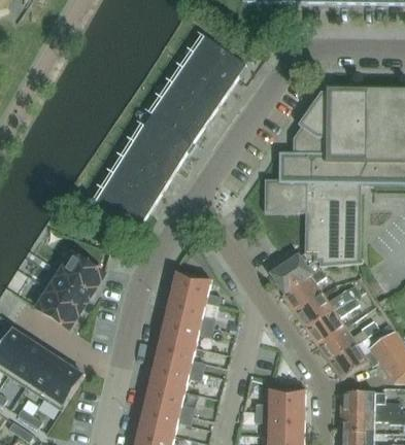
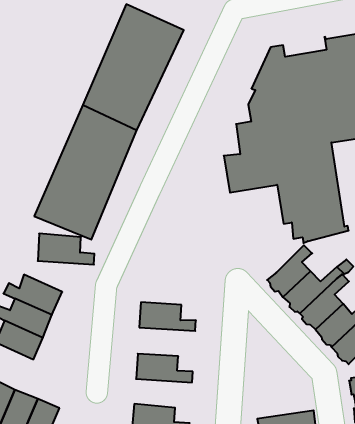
building: [271,246,322,293] -> none
building: [171,270,222,305] -> [38,234,94,265]
building: [161,315,214,346] -> none
building: [150,360,204,390] -> none
building: [256,388,306,413] -> none

